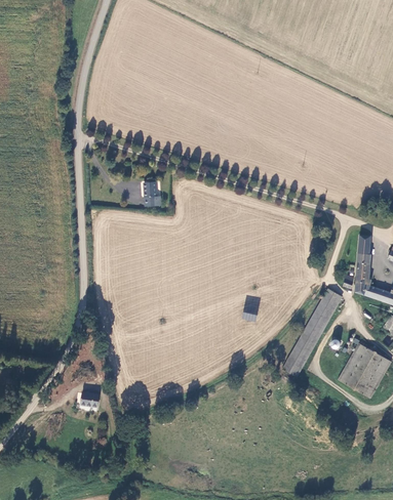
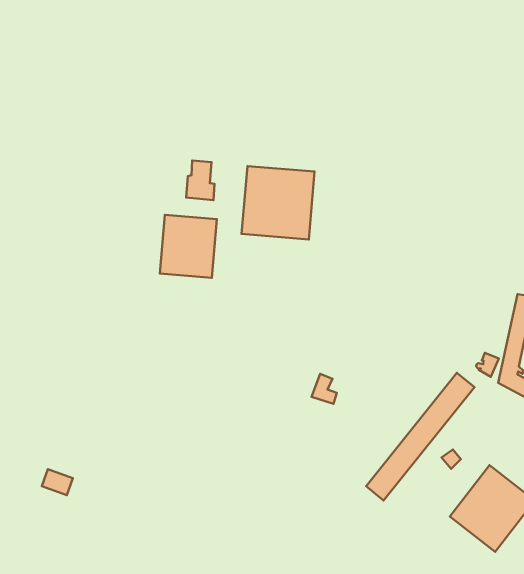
building: none -> [242,166,315,239]
building: none -> [160,215,217,278]

